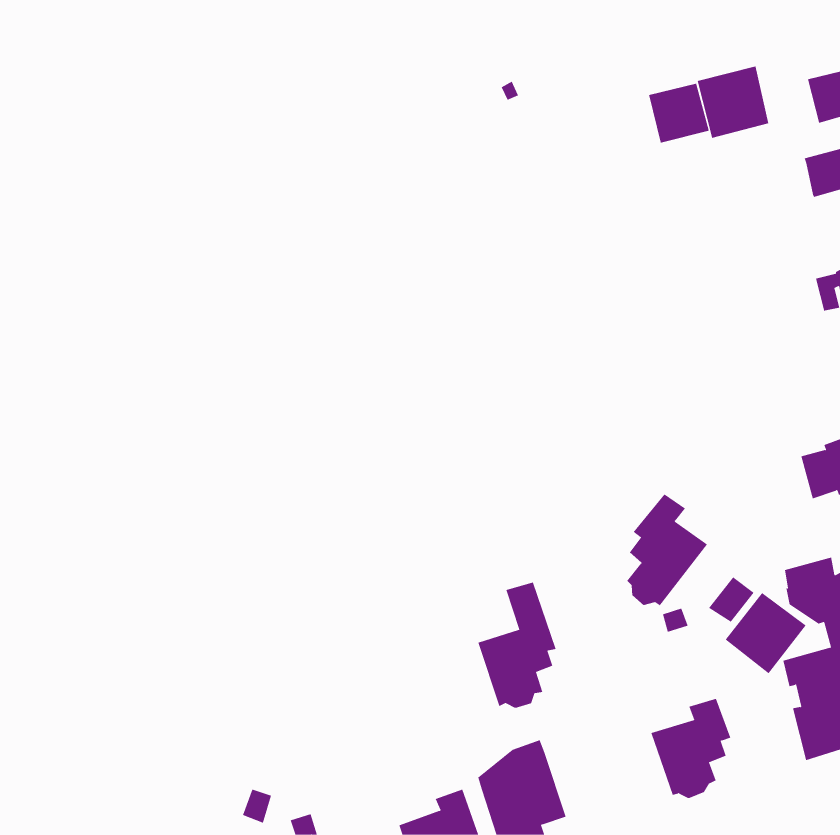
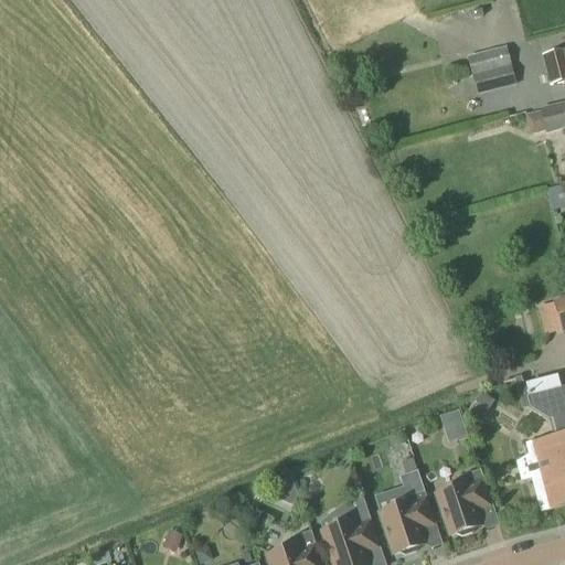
building: [648,83,710,143] -> none
building: [627,493,708,606] -> none
building: [477,582,557,708] -> [381,469,434,554]
building: [725,592,807,674] -> none

